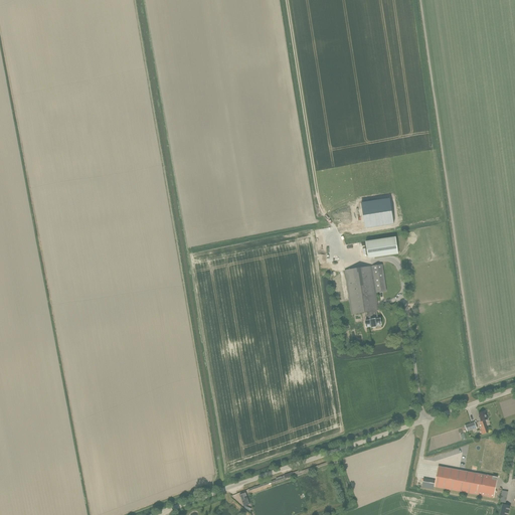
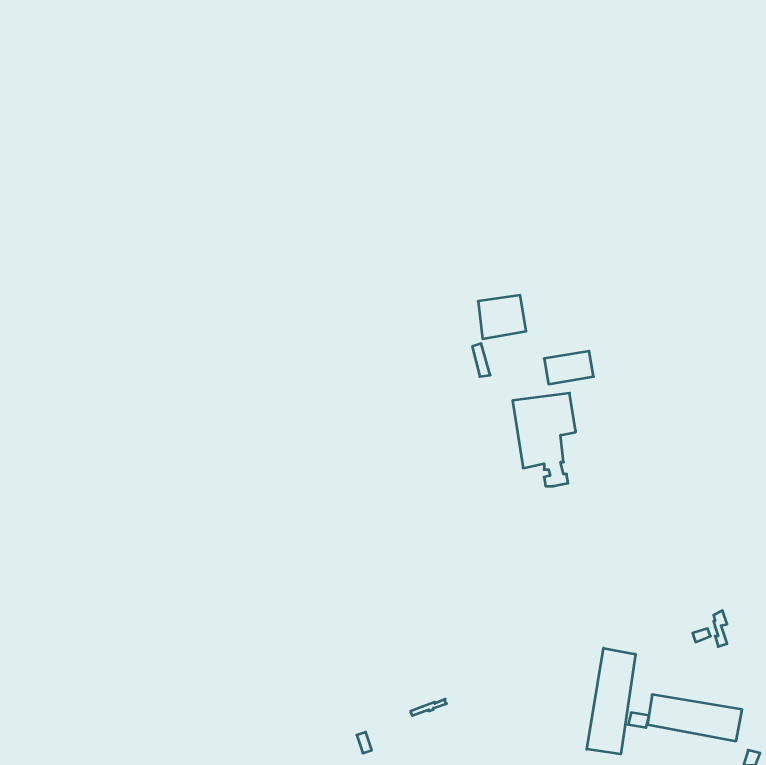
building: [361,198,393,227] -> [478,295,526,339]
building: none -> [587,648,635,754]

